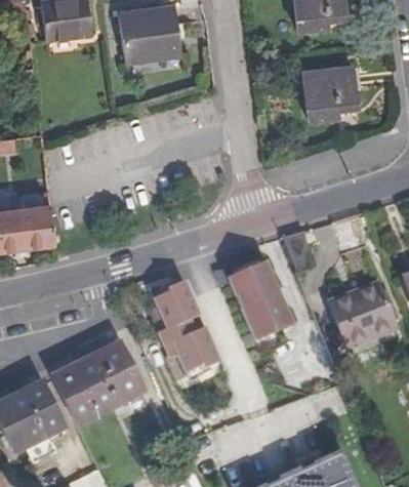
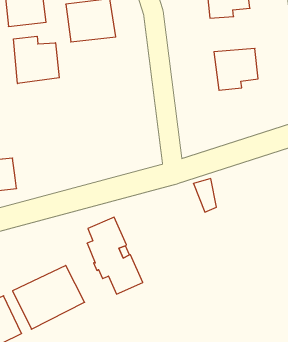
building: none -> [14,36,59,84]
building: [226,262,290,341] -> none
building: [325,283,390,347] -> none

